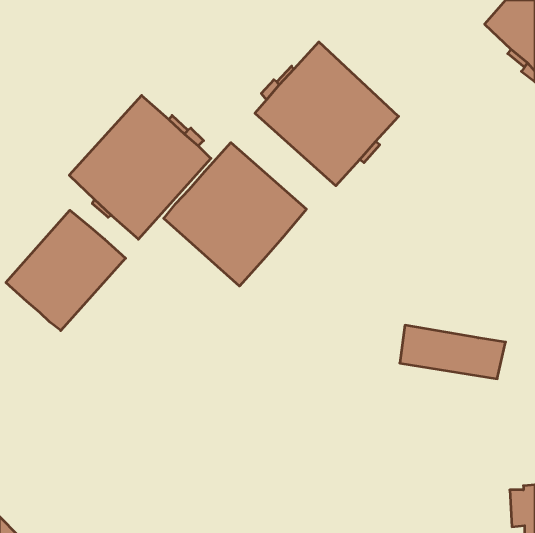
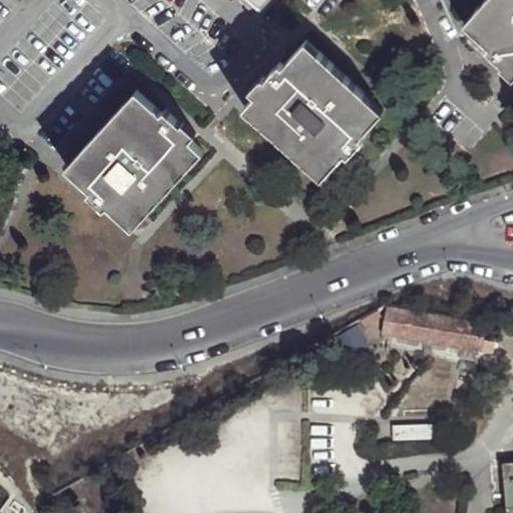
building: [164,143,306,286] -> none
building: [6,210,126,331] -> none

